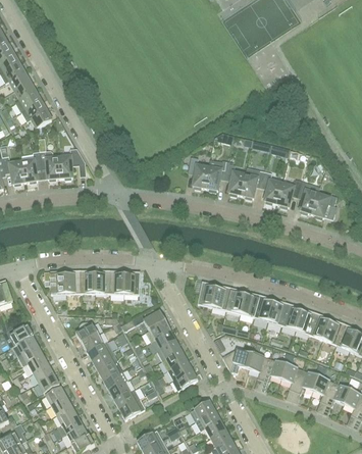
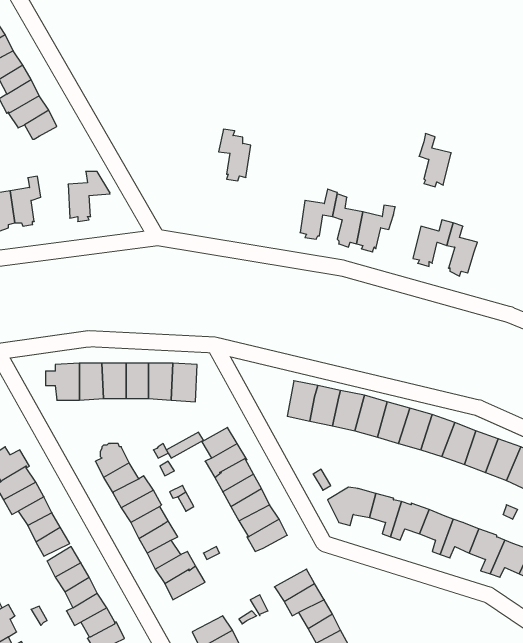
building: [39,150,59,181] -> none
building: [188,156,208,189] -> [219,129,251,181]
building: [261,170,281,204] -> [419,134,451,187]
building: [311,193,337,218] -> none

